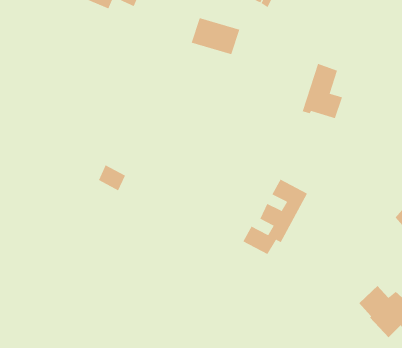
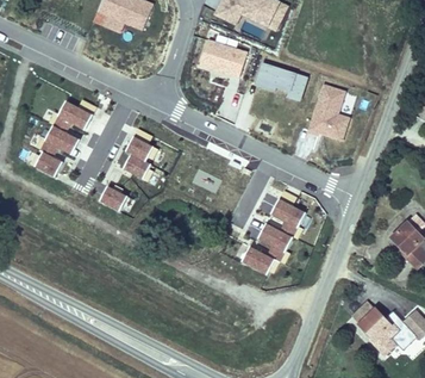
building: none -> [250,63,300,100]
building: none -> [37,100,95,178]
building: none -> [125,135,155,178]

